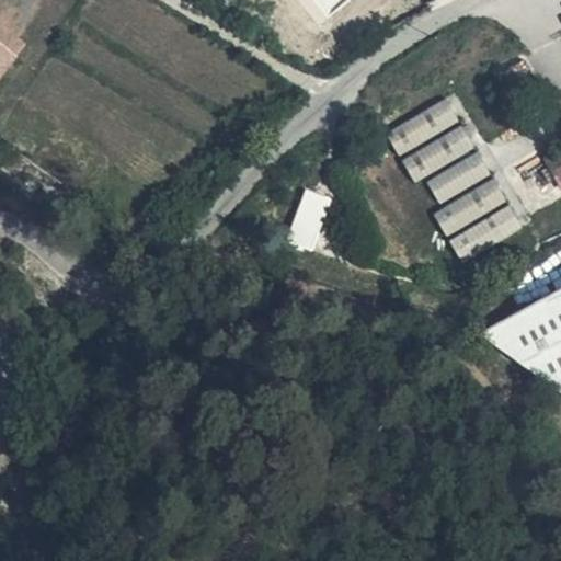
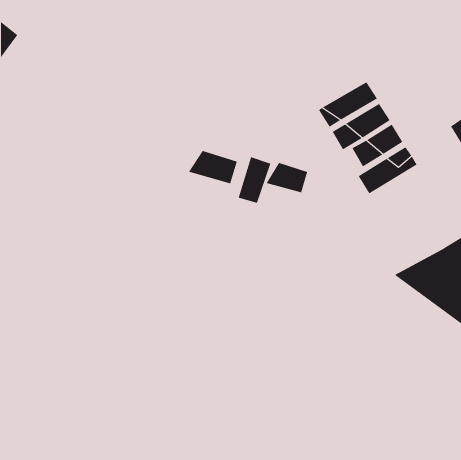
building: none -> [188,150,237,184]
building: none -> [266,162,308,193]
building: [451,204,523,262] -> none

